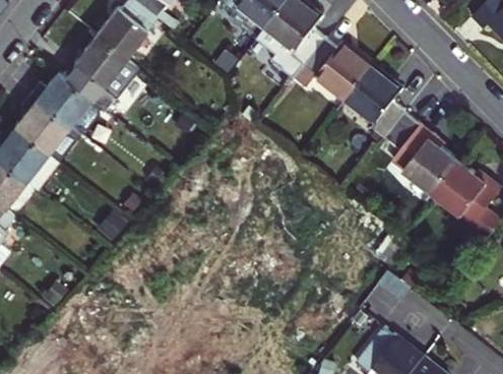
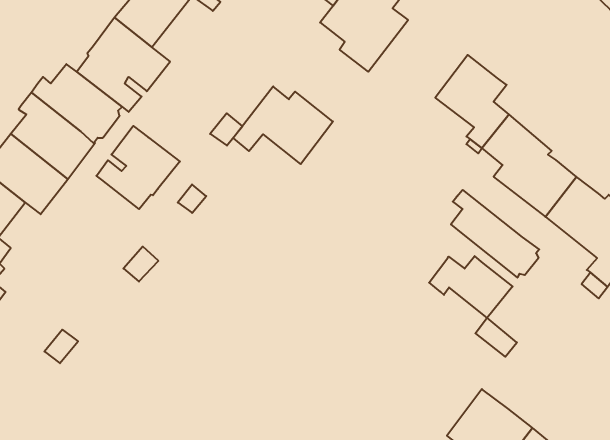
building: [295,38,373,99] -> [233,86,333,164]
building: none -> [96,126,180,209]
building: none -> [451,190,539,278]
building: none -> [429,256,513,318]

